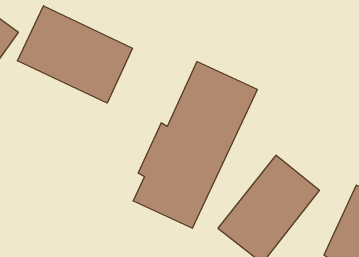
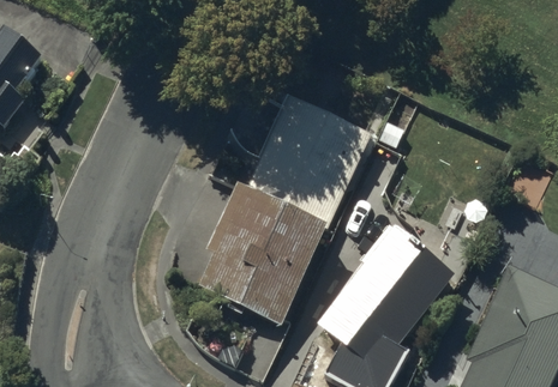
building: [17,6,132,103] -> none

